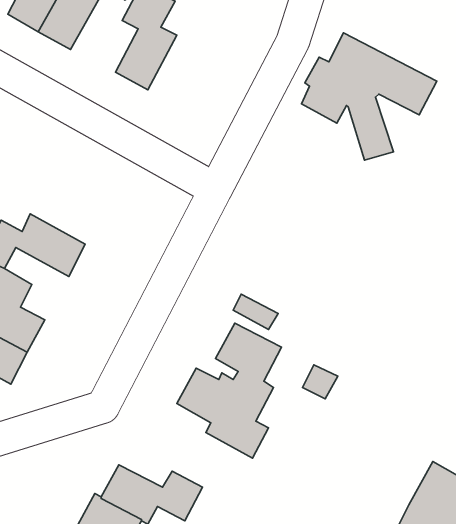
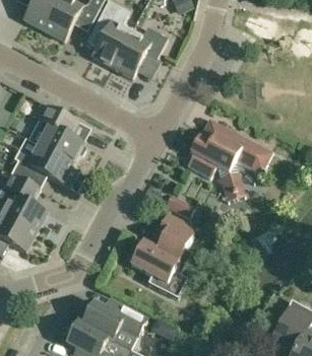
building: none -> [112,29,167,78]
building: [302,33,437,160] -> [187,122,272,202]
building: none -> [38,106,83,164]

